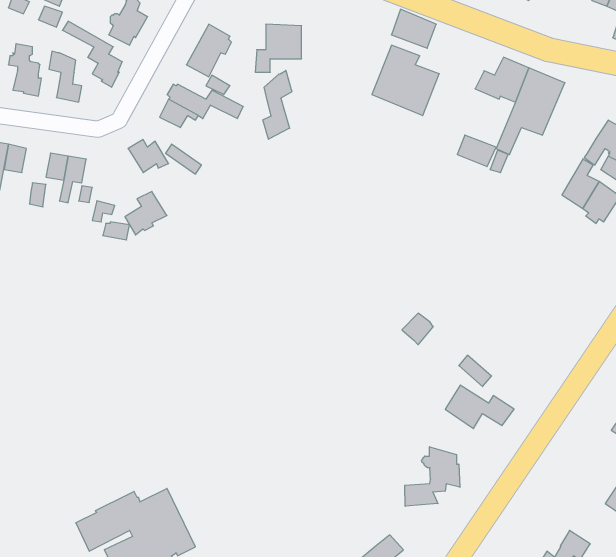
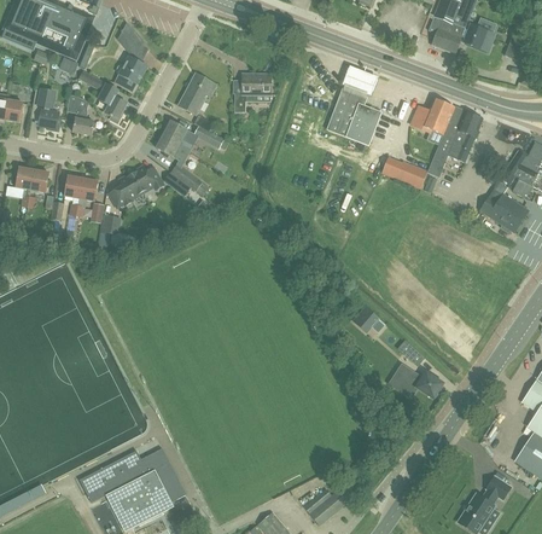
building: [263,70,292,139] -> none
building: [125,191,167,235] -> [109,173,142,208]
building: [405,447,460,506] -> none

